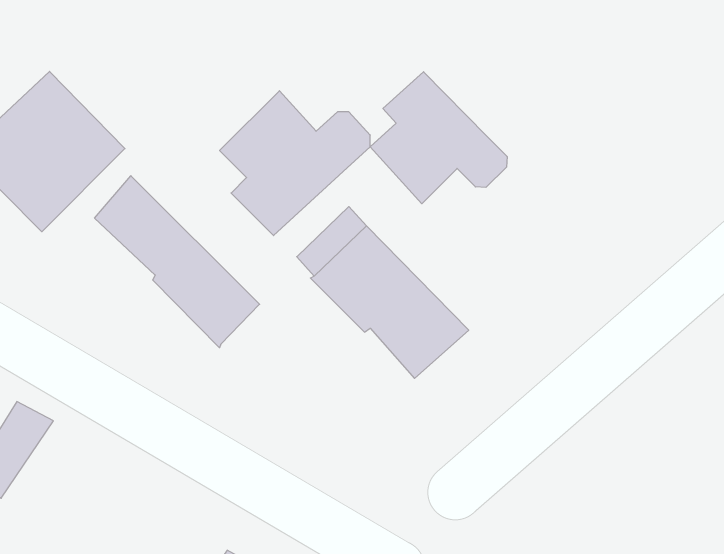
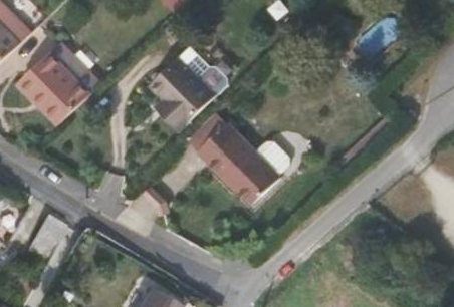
building: [370,72,507,204] -> none
building: [95,176,260,348] -> none

